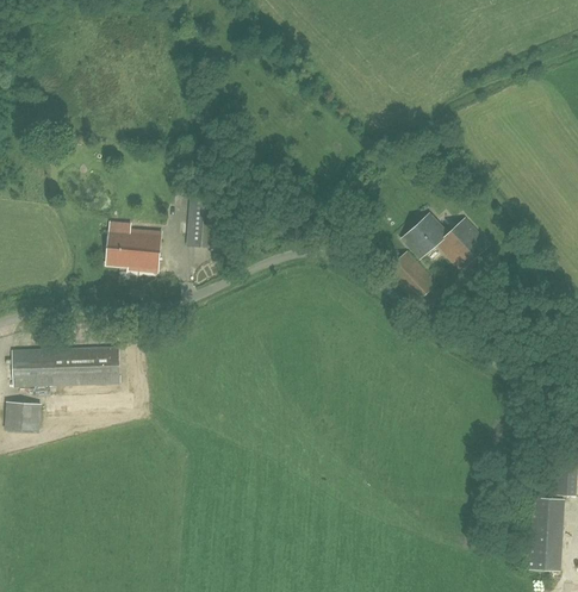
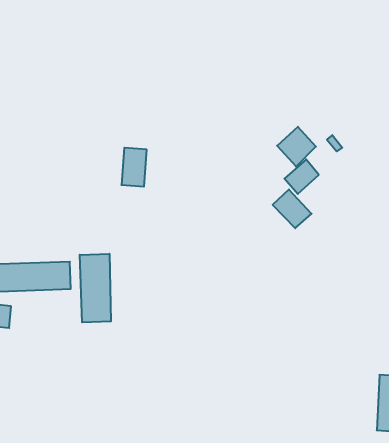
building: [436,218,487,270] -> [277,127,316,167]
building: [106,230,161,272] -> none
building: none -> [80,254,111,322]

